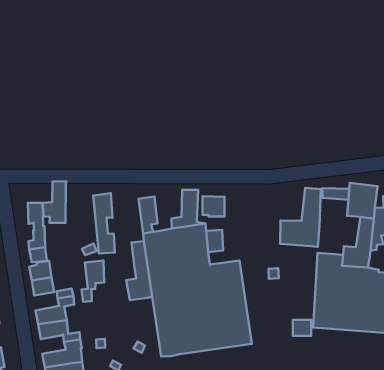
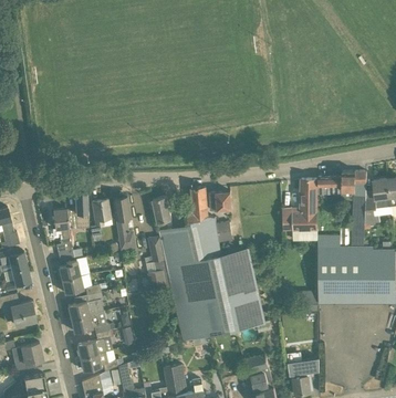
building: [82,260,104,302] -> [91,200,111,239]

